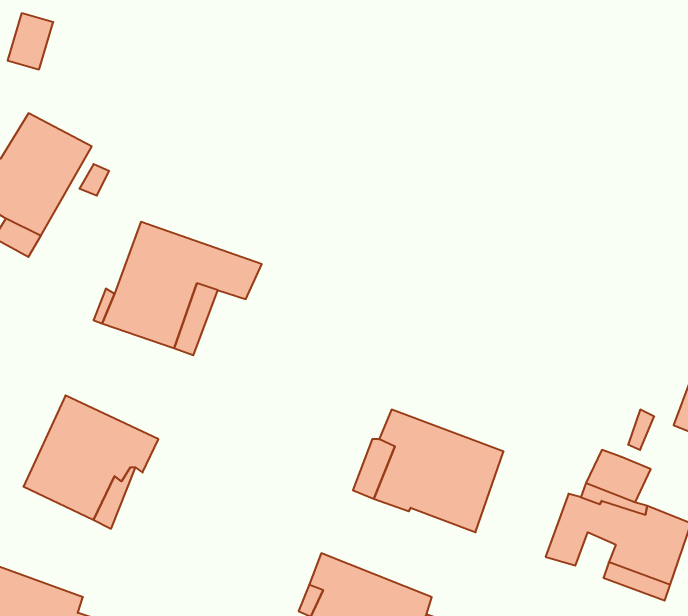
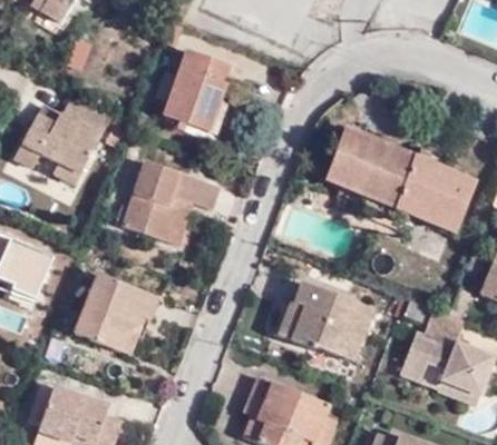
building: none -> [163,53,231,145]
building: none -> [323,123,475,230]

